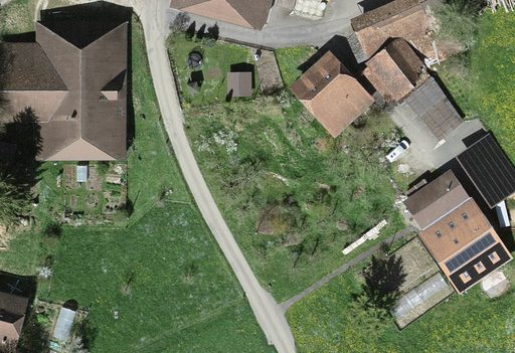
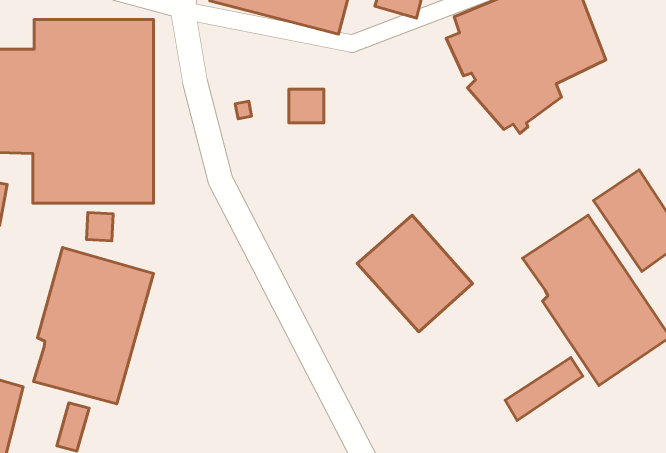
building: [289,50,375,138] -> [357,215,473,332]
building: [405,79,464,142] -> none
building: none -> [33,248,154,404]

